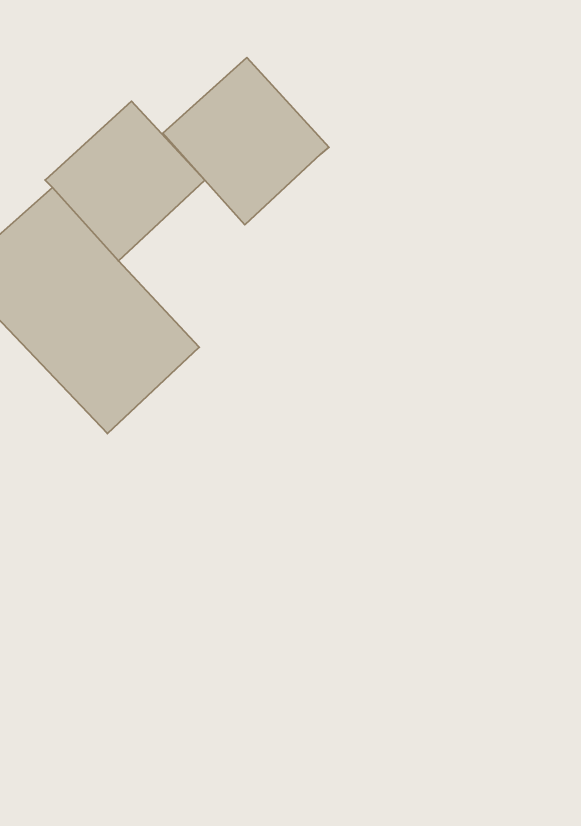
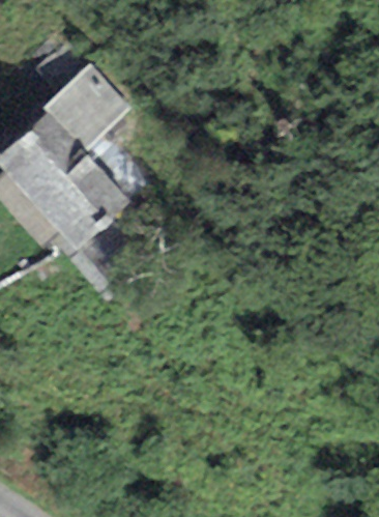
building: [163,58,329,225] -> none

